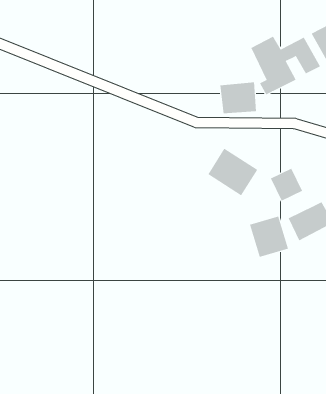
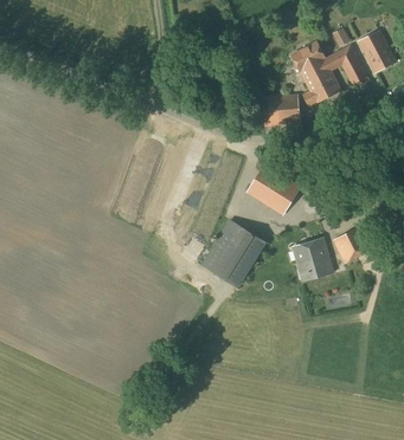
building: [270,168,303,201] -> none
building: none -> [200,219,267,287]

